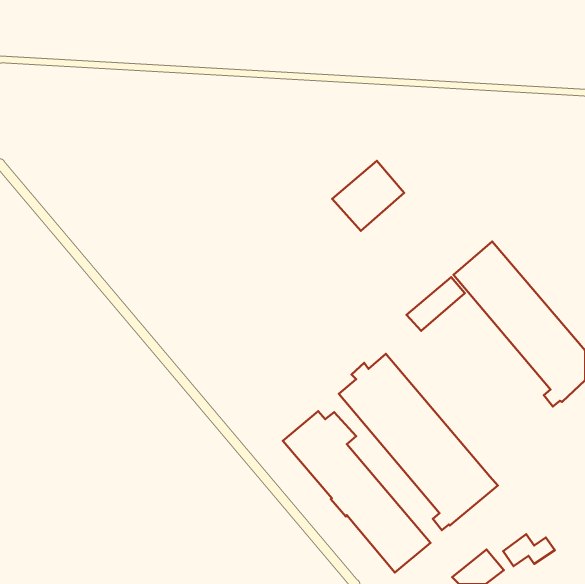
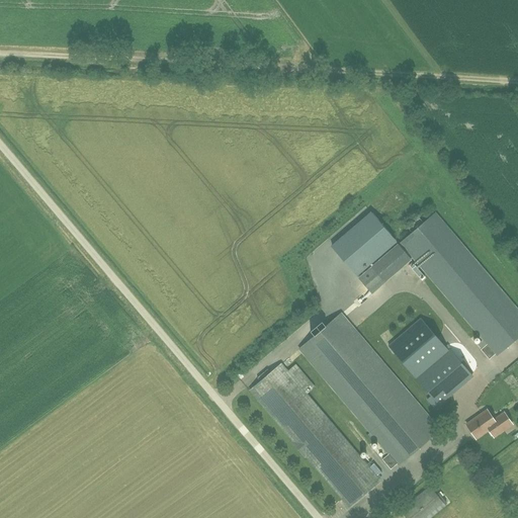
building: [332,161,404,231] -> [332,212,396,274]
building: none -> [388,318,473,405]
building: [503,534,555,566] -> [466,410,512,438]

